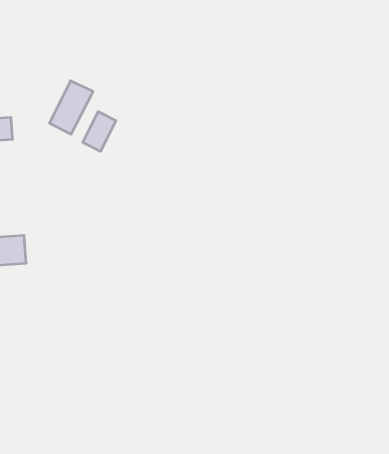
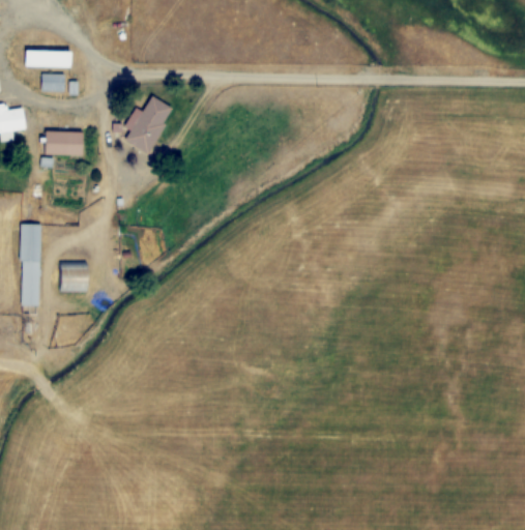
building: [83,112,116,151] -> none

